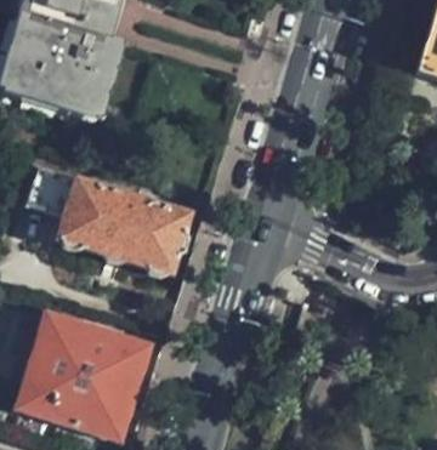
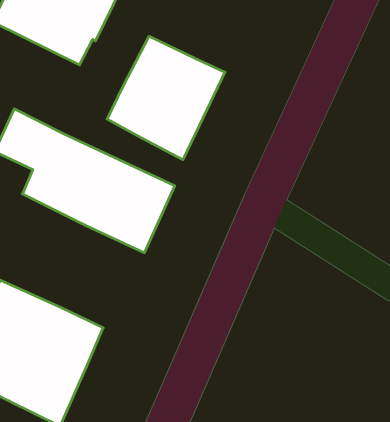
building: none -> [107,36,225,160]

